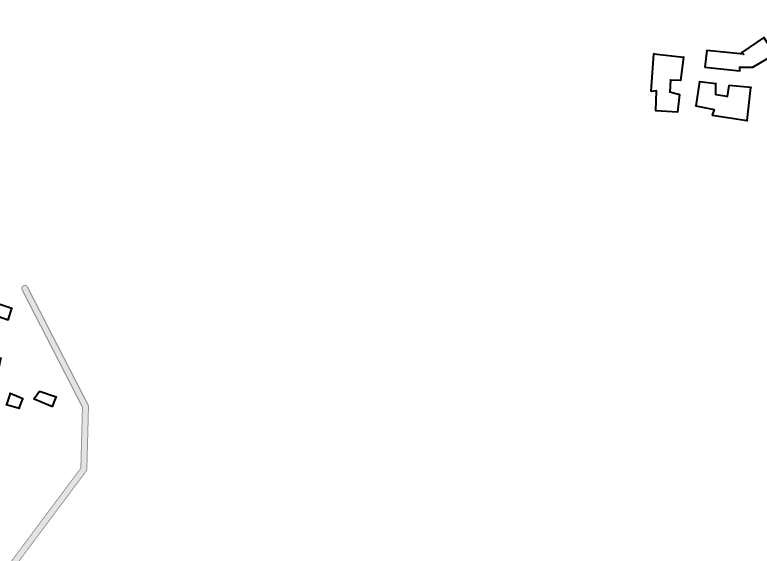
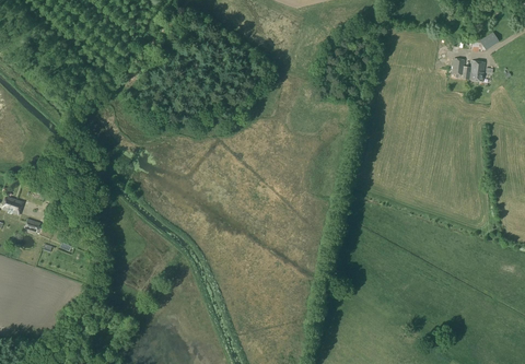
building: [651,54,684,112] -> none

